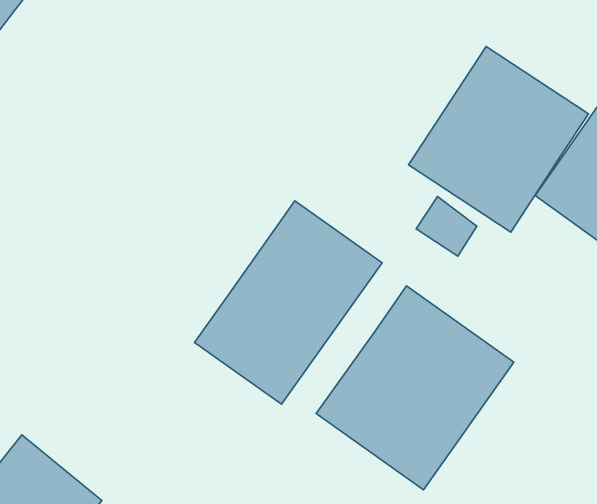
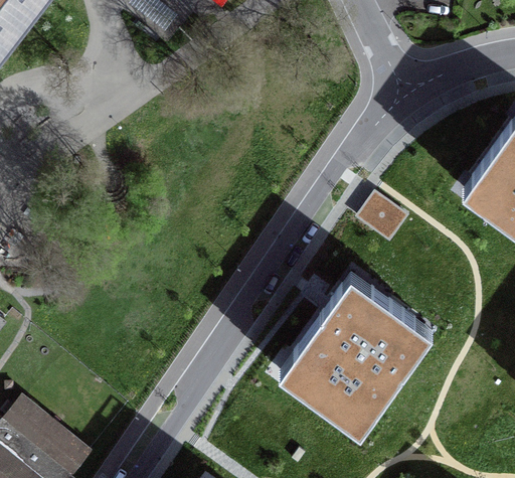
building: [408,47,588,232] -> none
building: [194,201,382,404] -> none

